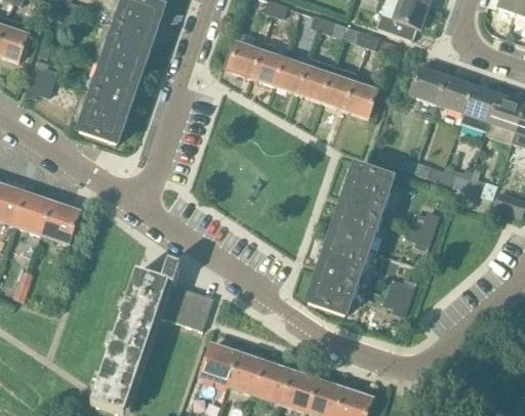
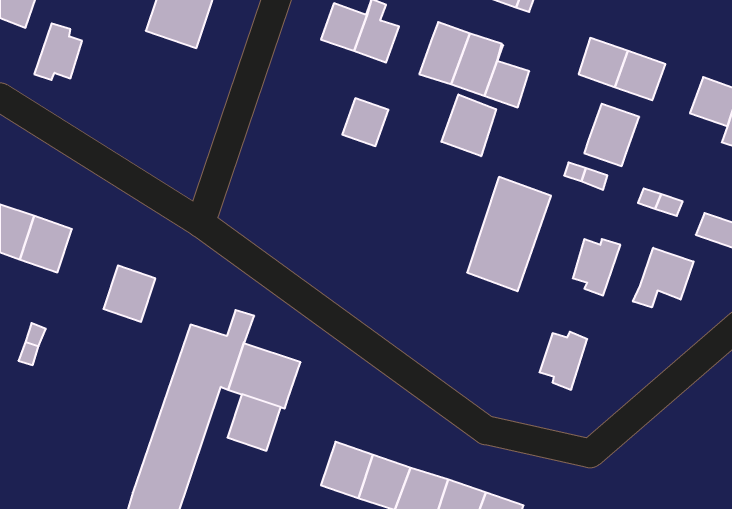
building: [274,59,307,93] -> [342,98,389,146]
building: [80,63,139,143] -> none
building: [459,86,498,130] -> [584,104,639,166]
building: none -> [441,94,496,156]
building: [41,203,78,243] -> [103,265,155,322]
building: none -> [633,248,694,307]
building: [308,234,367,315] -> none
building: [200,344,238,384] -> [227,394,281,451]

